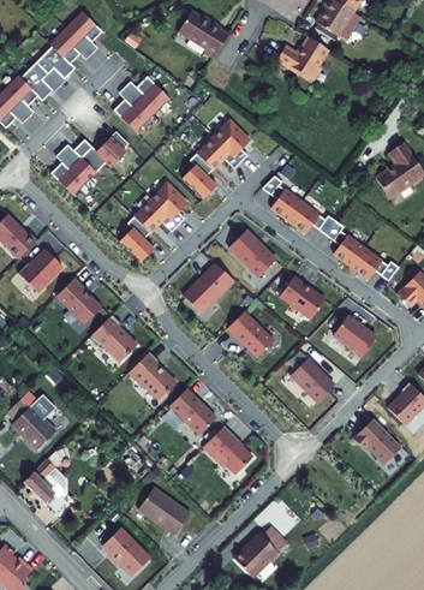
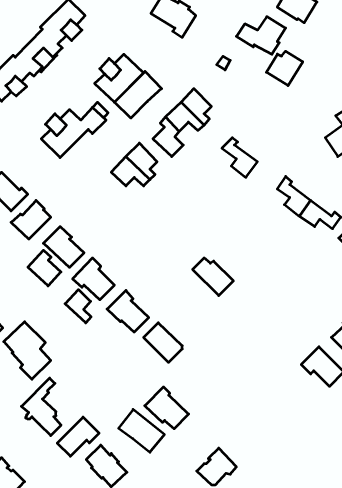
building: none -> [266,51,303,86]
building: none -> [114,71,162,118]
building: [286,202,332,233] -> none
building: [117,214,151,261] -> none
building: [226,230,273,275] -> none
building: [180,262,231,312] -> none
building: [276,274,322,317] -> none
building: none -> [28,250,61,286]
building: [330,314,374,354] -> none
building: none -> [65,290,91,323]
building: [287,356,332,400] -> none
building: [201,423,251,471] -> [145,387,189,429]
building: none -> [57,417,99,456]

